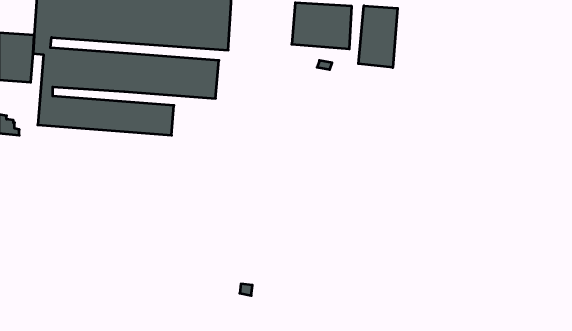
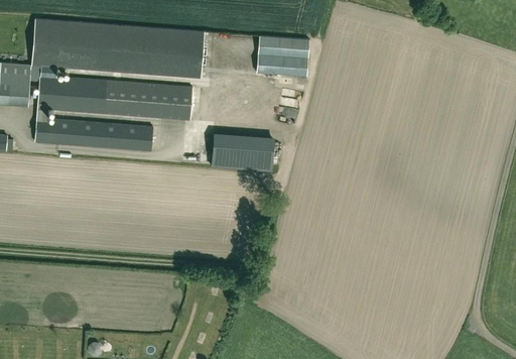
building: [358,6,398,68] -> none
building: none -> [212,134,274,171]

